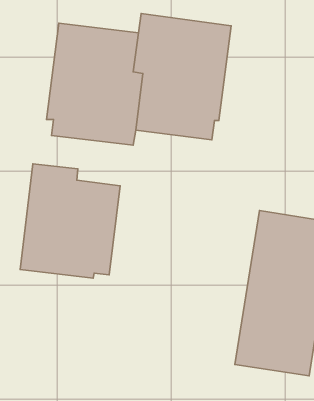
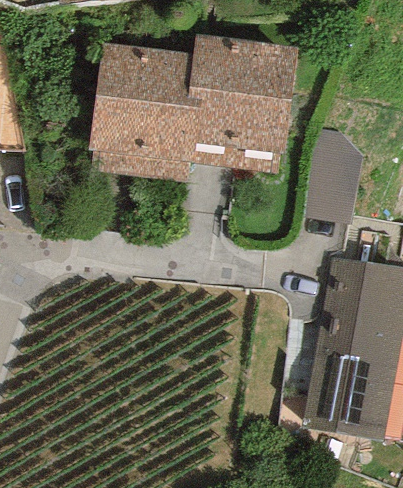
building: [20,164,120,278] -> none

